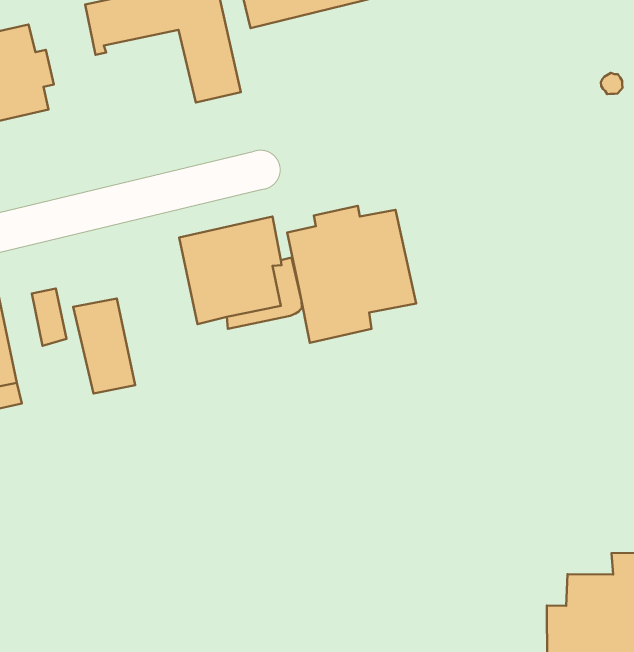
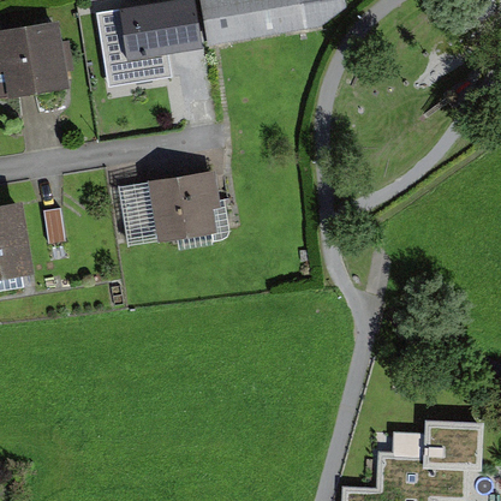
building: none -> [105,37,165,95]
building: [287,206,416,343] -> none
building: [73,298,135,393] -> [117,179,155,243]

